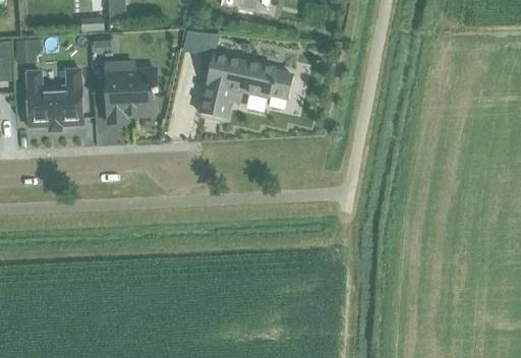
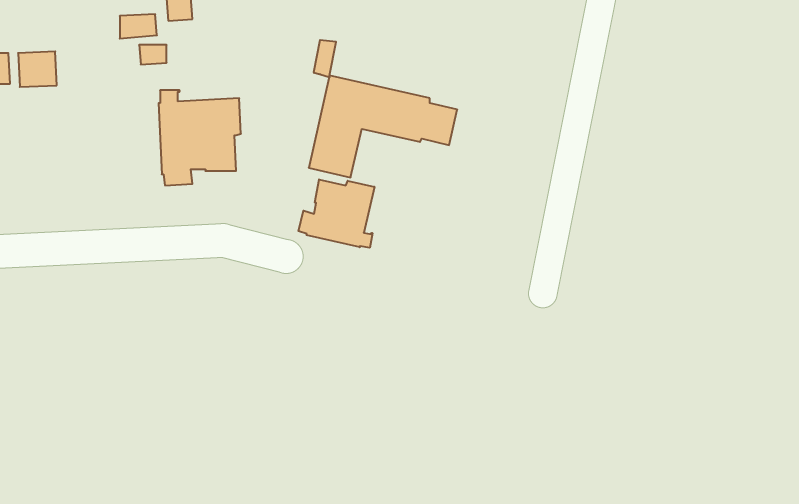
building: [25,69,82,128] -> none
building: none -> [298,179,374,248]

